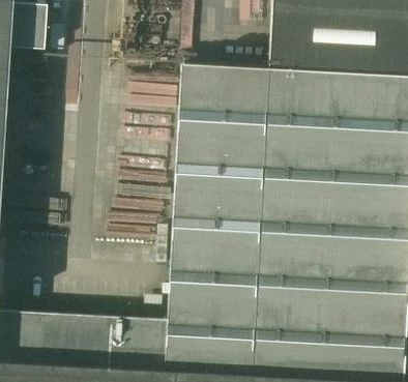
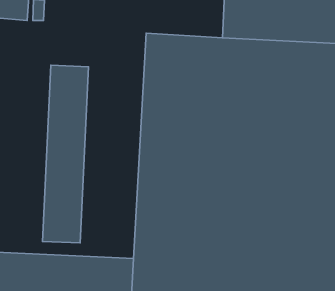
building: none -> [42,65,89,243]

